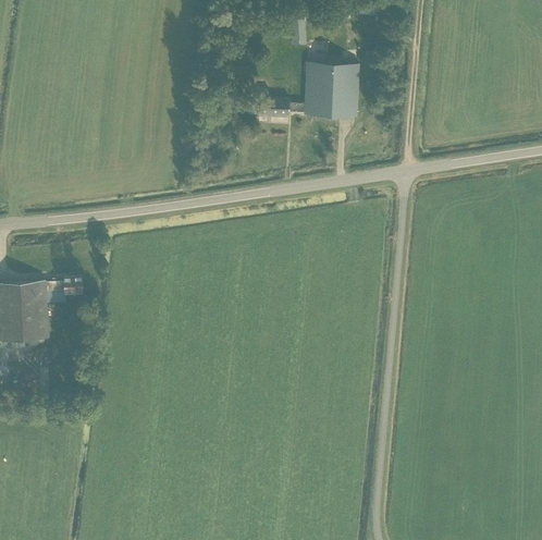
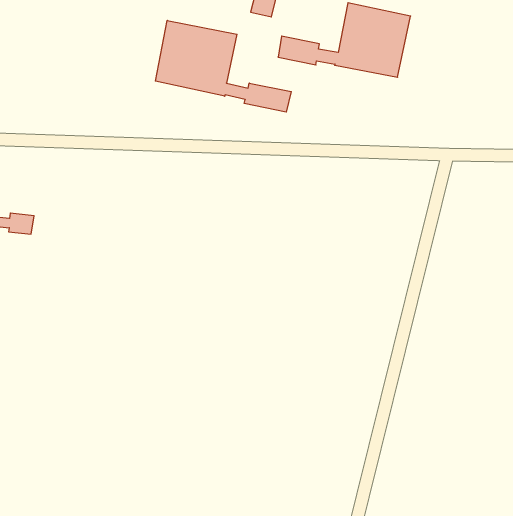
building: none -> [155,20,291,112]

